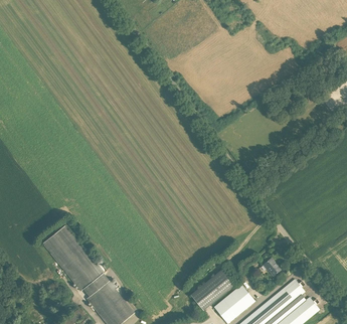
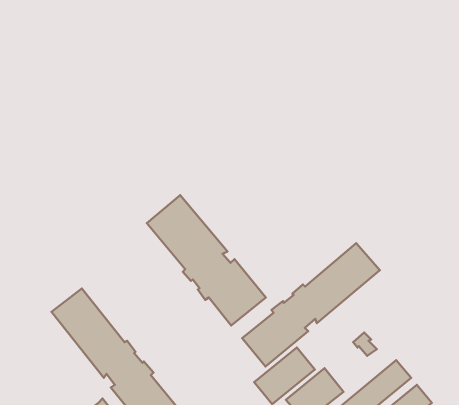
building: none -> [147,195,266,325]
building: none -> [242,243,380,366]

